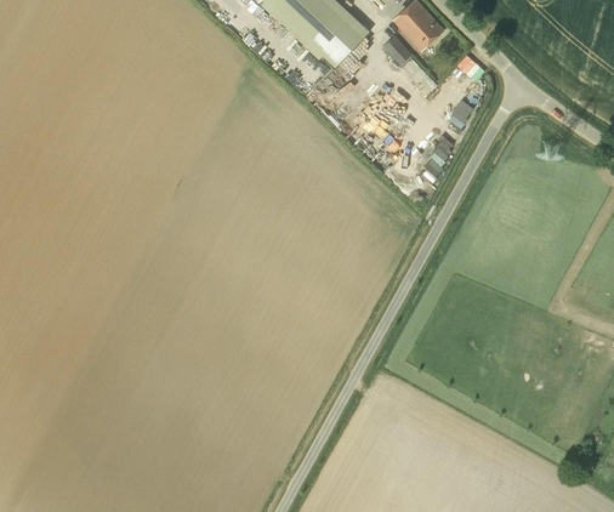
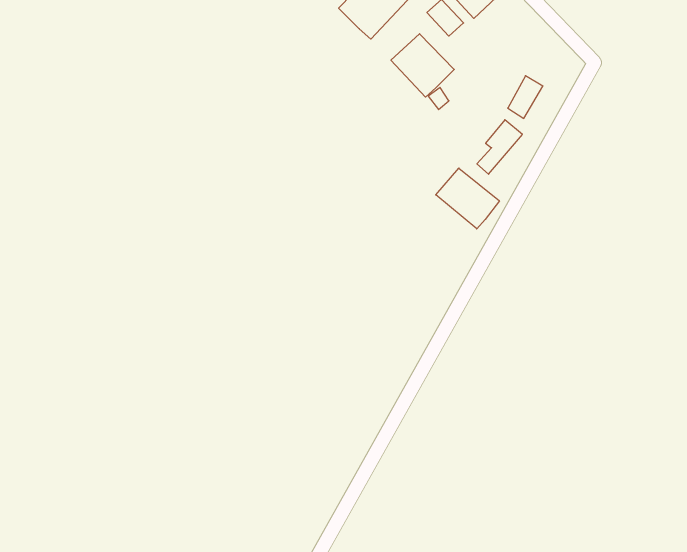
building: none -> [391,34,454,97]
building: none -> [436,168,499,229]

